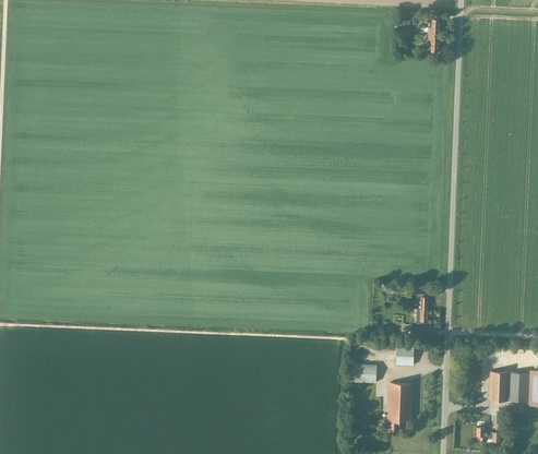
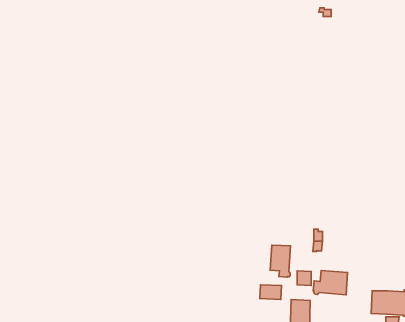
building: none -> [270,245,290,277]
building: none -> [313,270,348,295]

